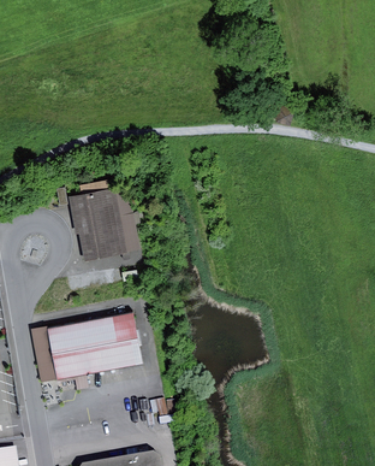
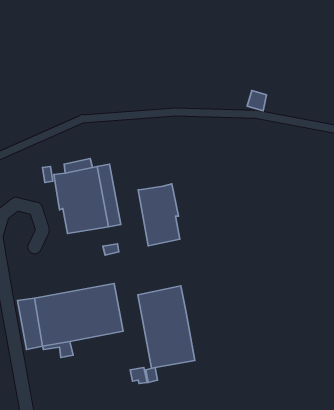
building: none -> [138,184,180,246]
building: none -> [138,286,195,368]

